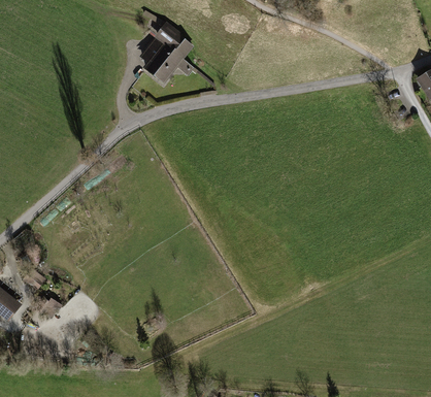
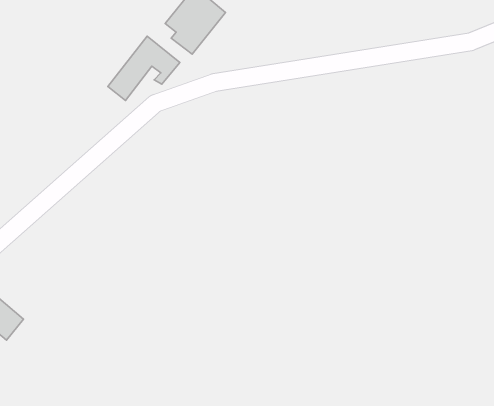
building: none -> [108,36,180,100]

